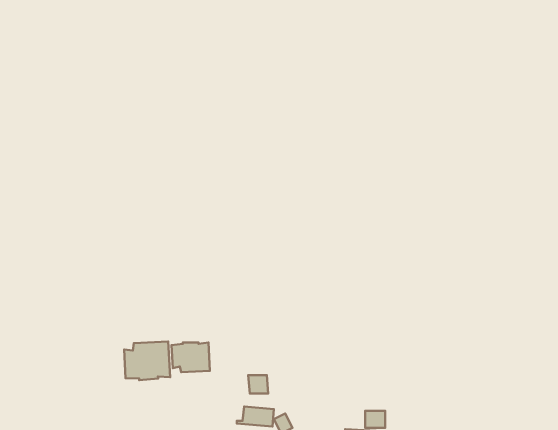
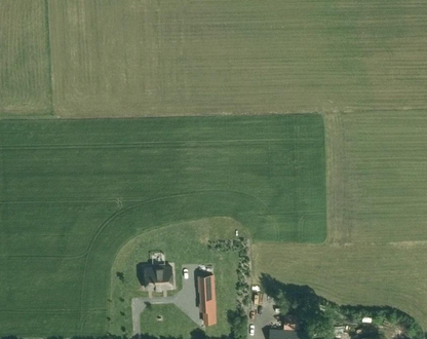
building: [124,341,170,380] -> none

